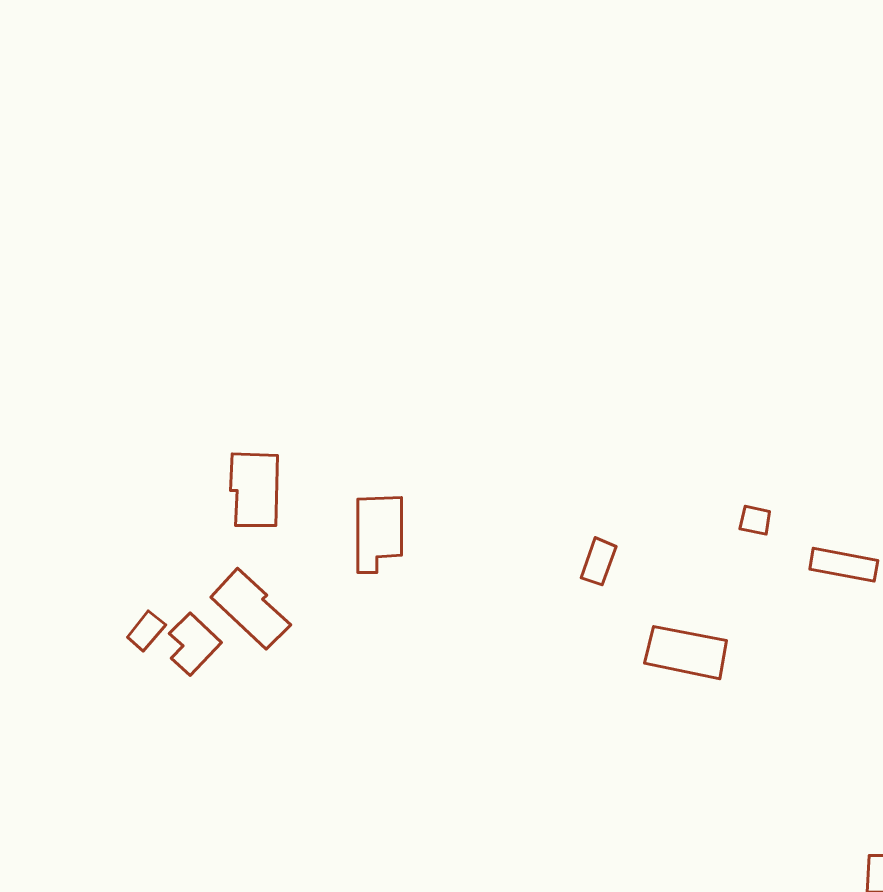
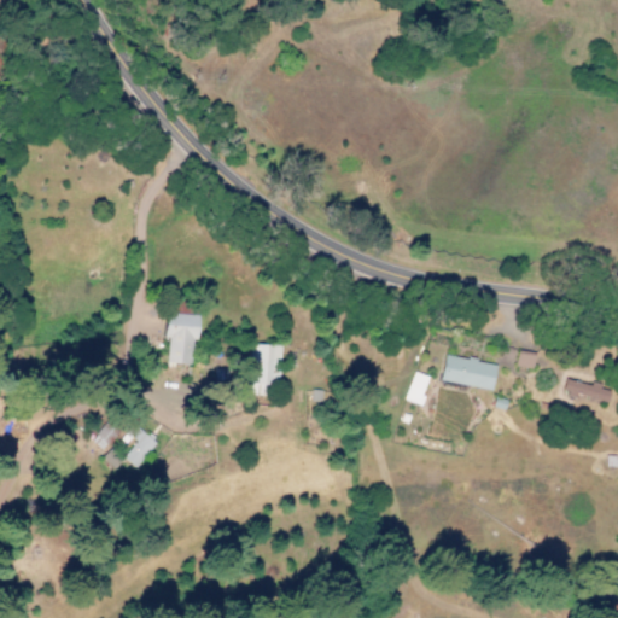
building: [211,568,291,649] -> none
building: [645,627,727,679] -> [443,355,500,391]

